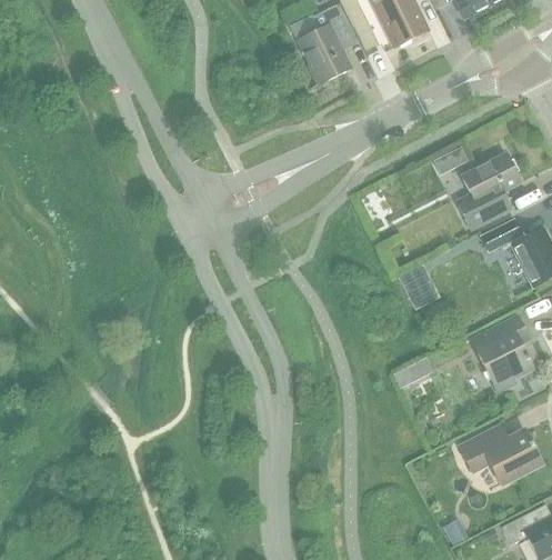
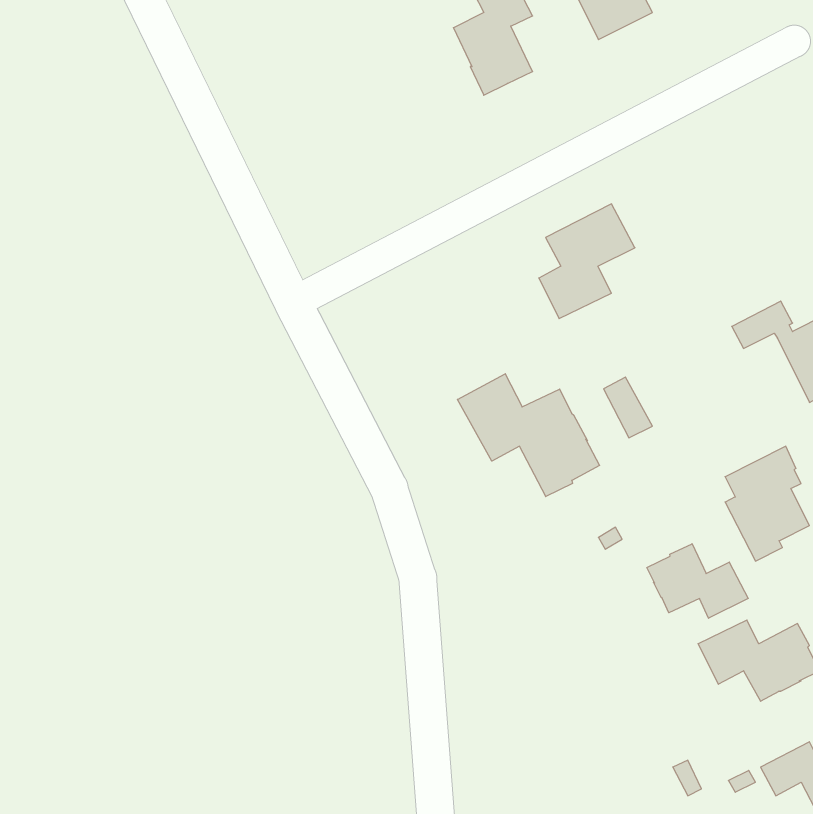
building: [458,152,521,228] -> [539,204,635,319]
building: none -> [457,374,600,497]
building: none -> [647,544,748,618]

